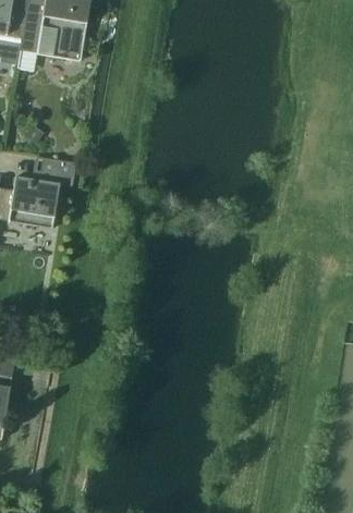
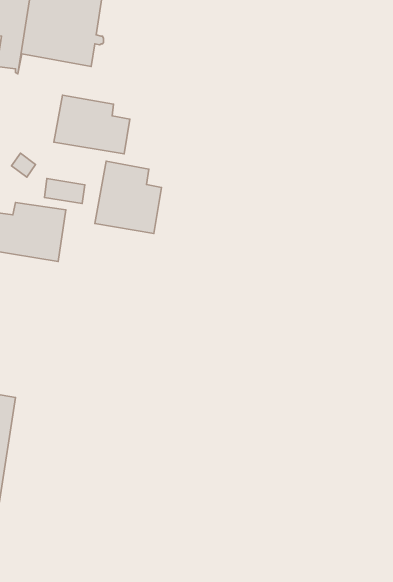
building: none -> [54,95,130,154]
building: none -> [95,161,161,233]

